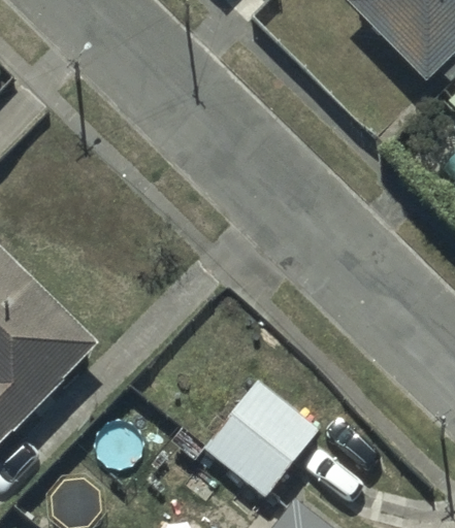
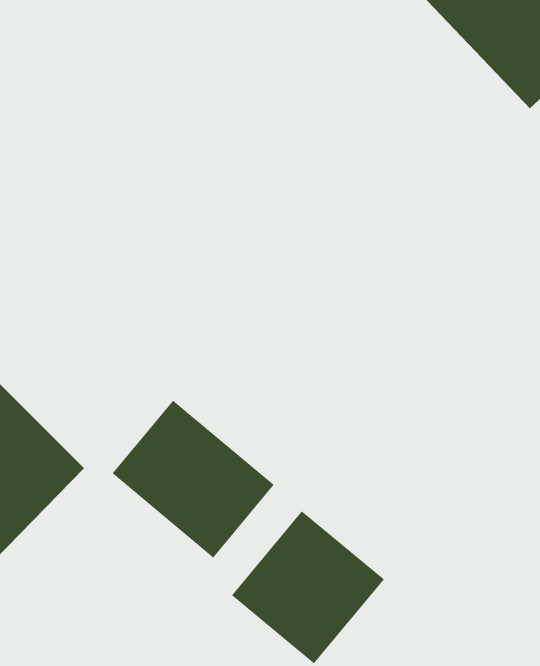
building: none -> [112,400,275,558]

